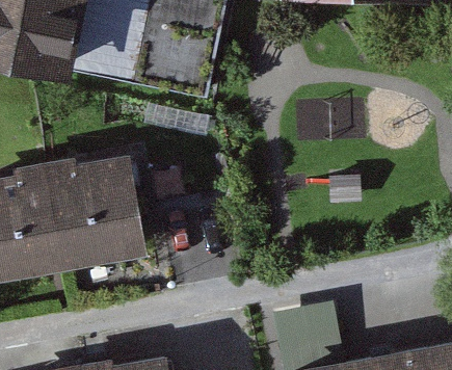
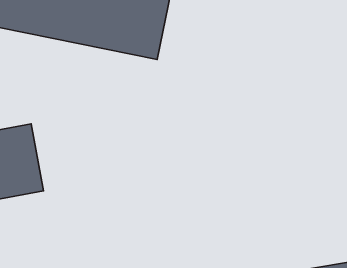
building: [44,157,140,256] -> none

